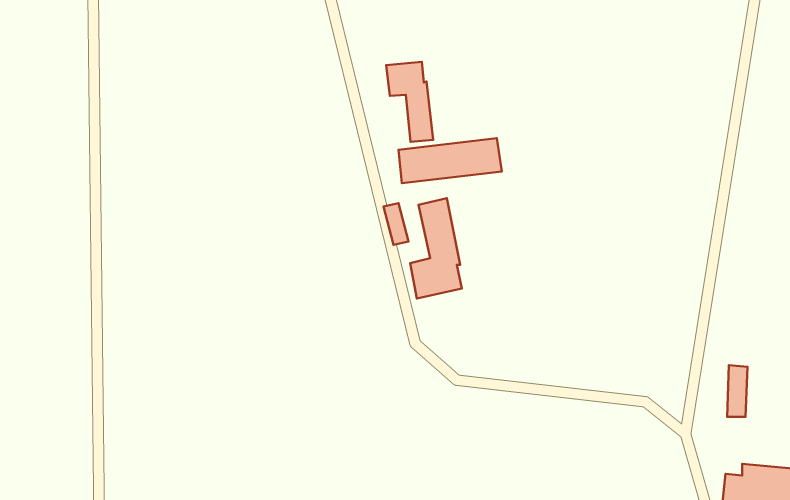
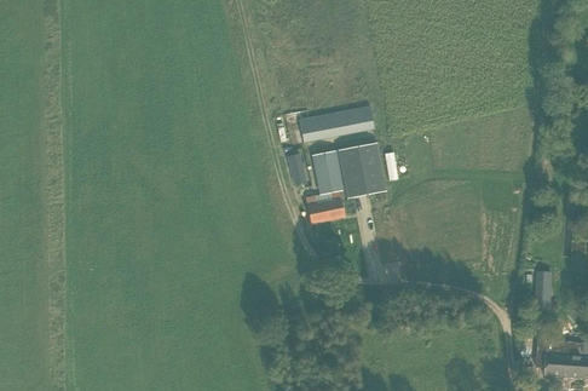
building: [386,62,433,142] -> none
building: none -> [336,142,387,199]

